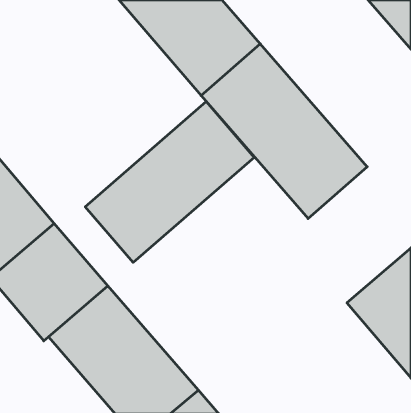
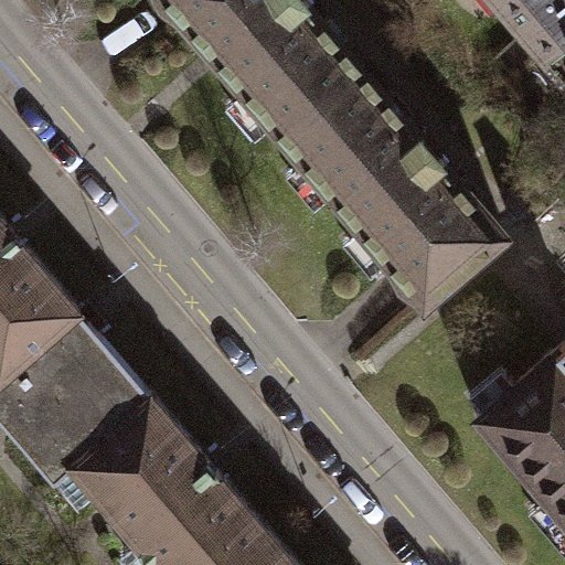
building: [85,102,254,262] -> none

